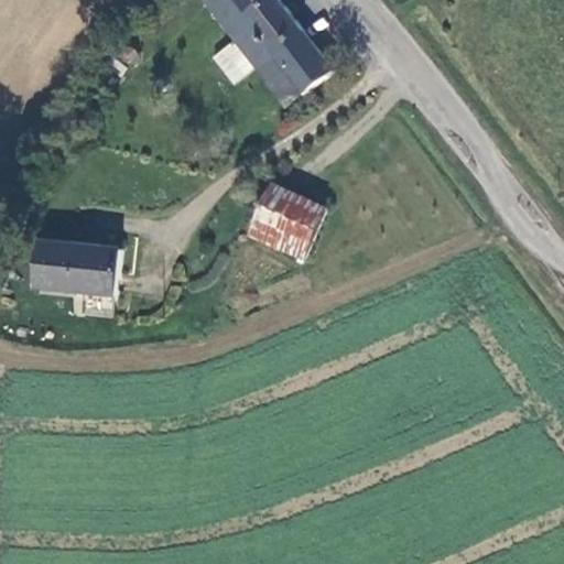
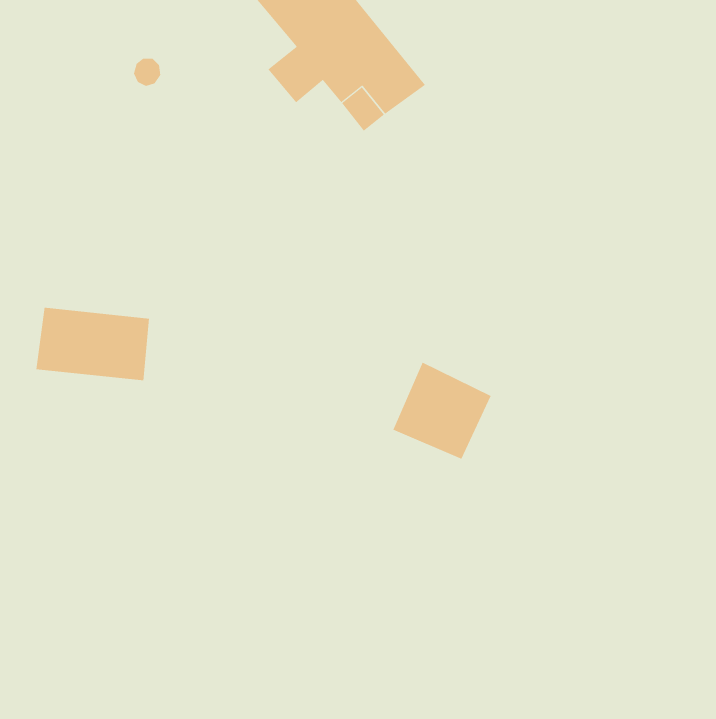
building: [249,182,326,258] -> [392,362,491,459]

